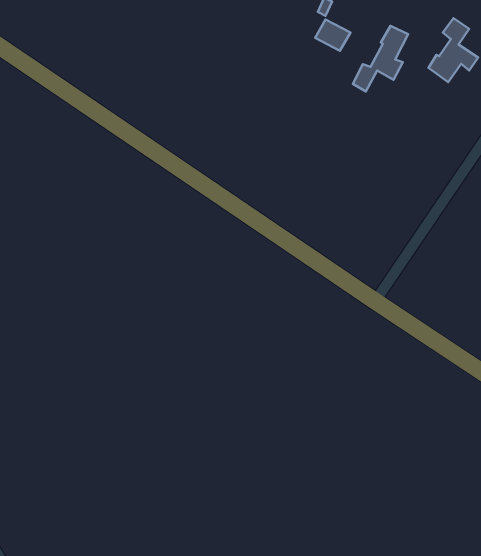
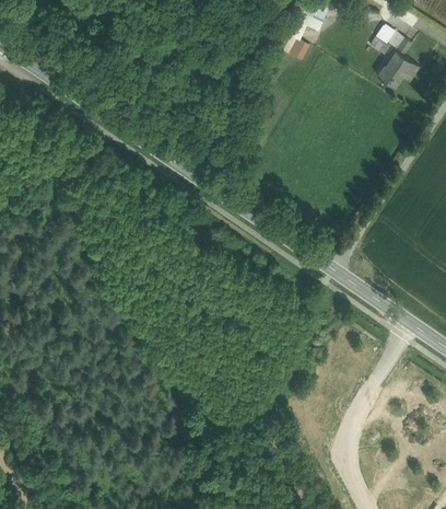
building: [353,26,408,91] -> none

